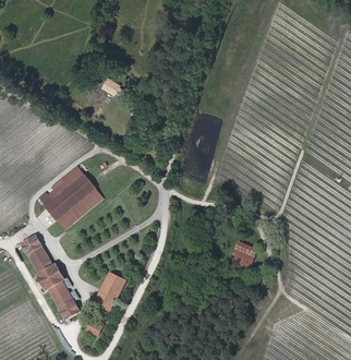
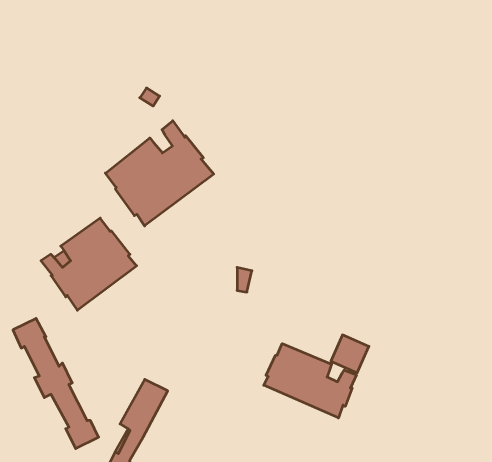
building: none -> [105,121,214,226]
building: none -> [264,344,356,418]

